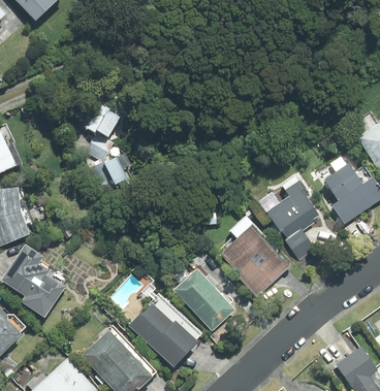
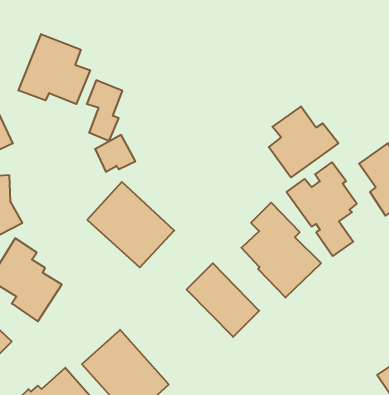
building: none -> [18,34,90,104]
building: none -> [269,106,338,177]
building: [128,293,203,367] -> [87,182,174,267]

